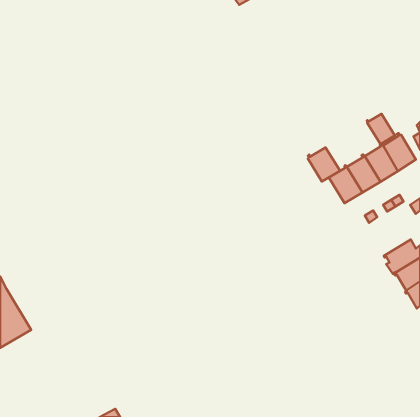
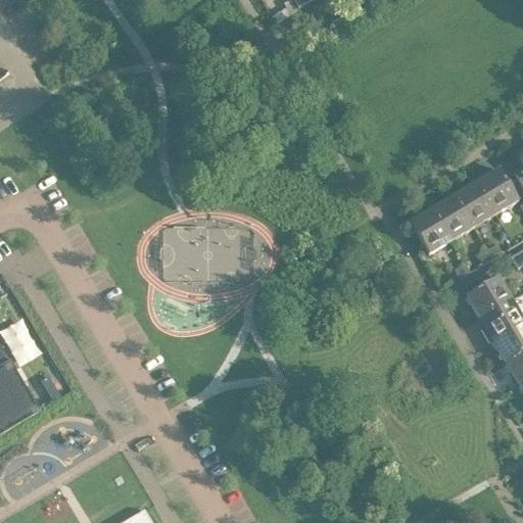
building: [367,114,395,144] -> none
building: [308,147,340,181] -> none
building: none -> [464,275,511,317]

